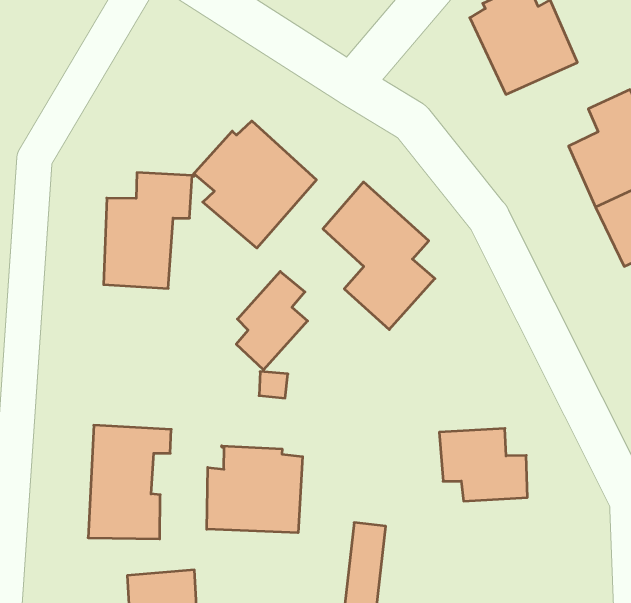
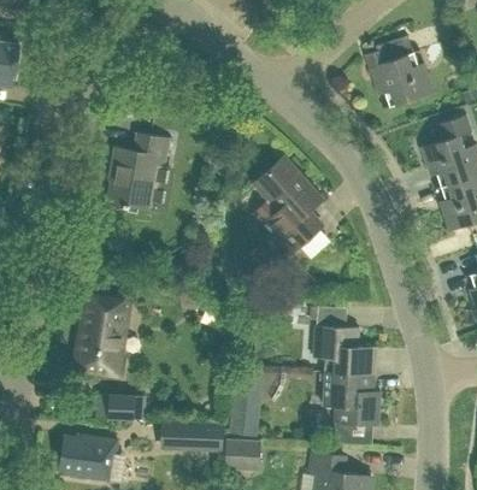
building: [192,121,316,248] -> none
building: [236,271,308,370] -> none
building: [207,446,303,533] -> none
building: none -> [323,372,379,425]

